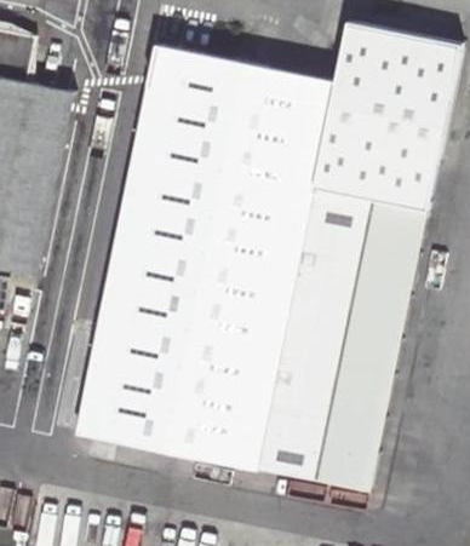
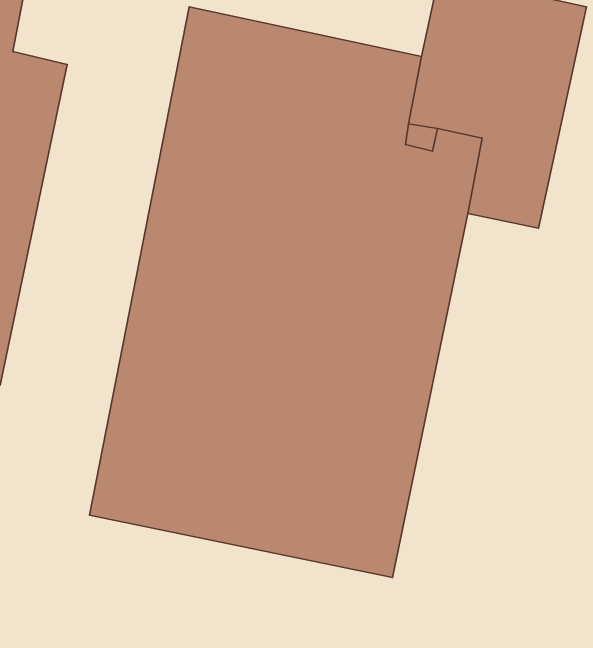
building: [311,202,422,488] -> none

